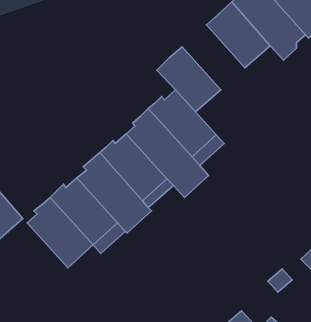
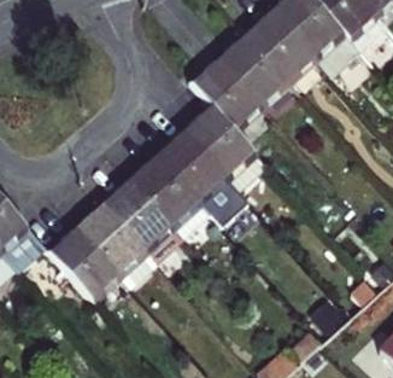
building: none -> [219,34,288,105]

